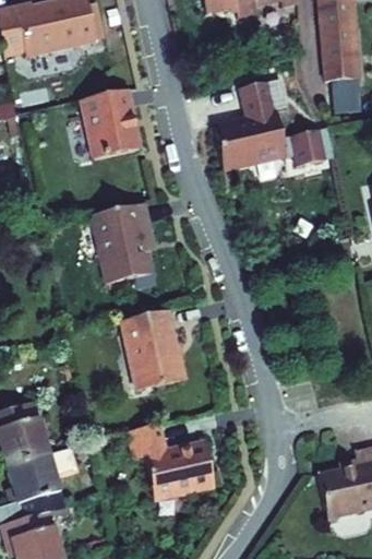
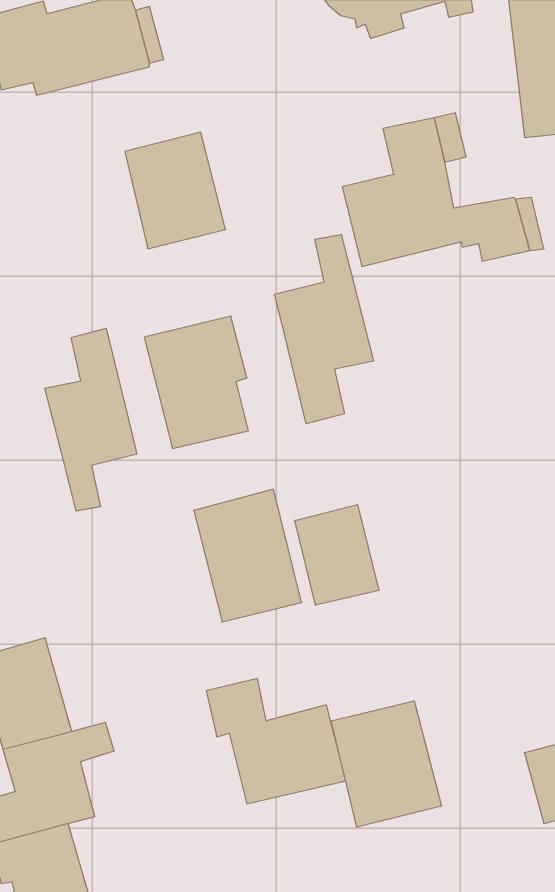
building: none -> [275,234,373,424]
building: none -> [45,328,137,511]
building: none -> [295,504,379,605]
building: none -> [331,701,441,827]

